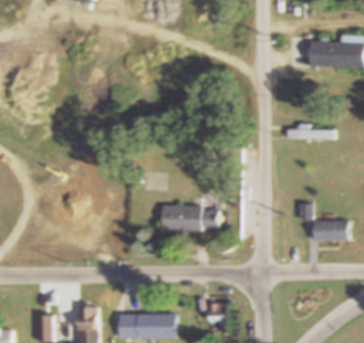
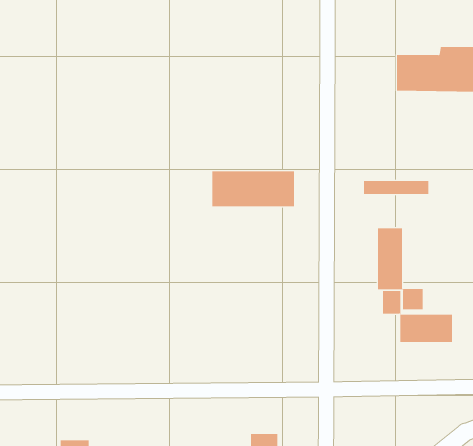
building: none -> [378,227,423,310]
building: [162,206,219,231] -> [211,171,295,207]

